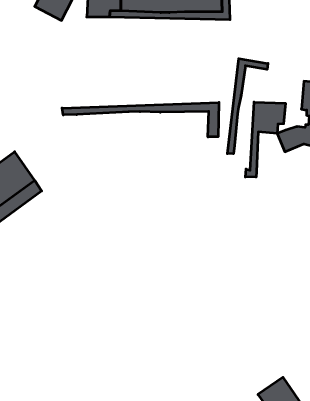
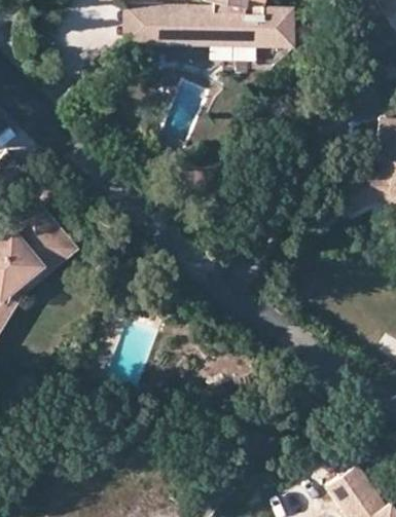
building: [227,59,268,154] -> none
building: [245,102,285,177] -> none
building: [62,102,219,137] -> none

